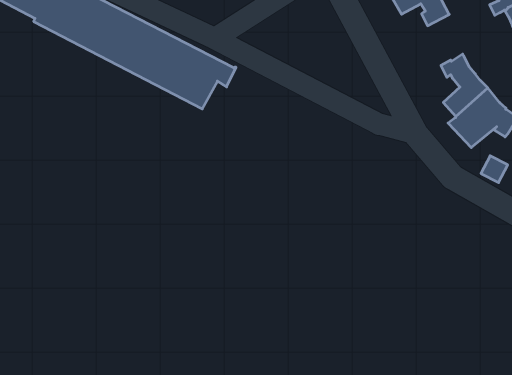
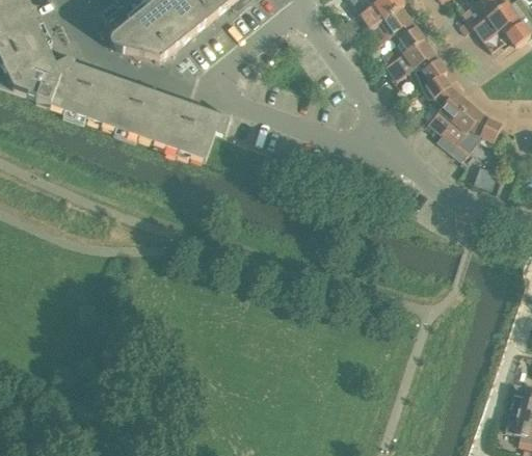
building: none -> [387,37,448,81]

